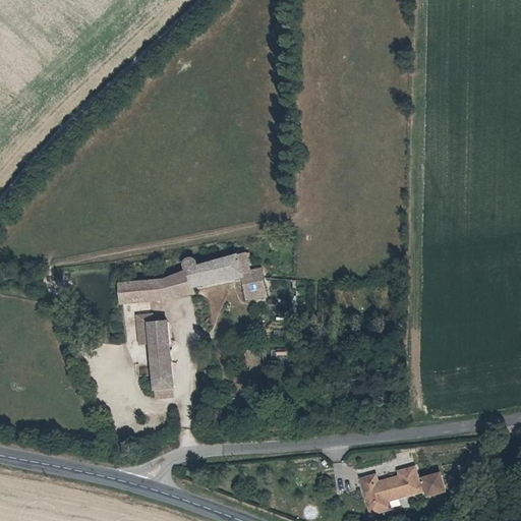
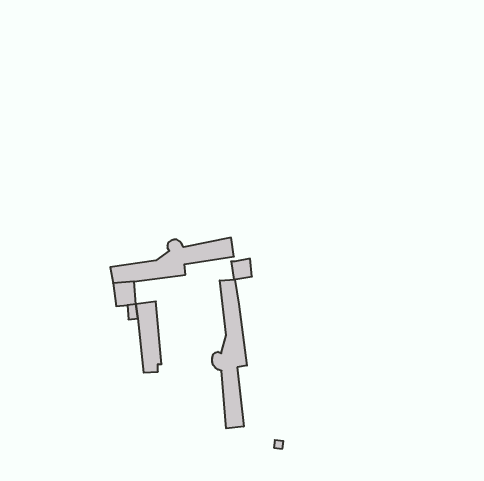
building: none -> [212,279,247,428]
building: [360,465,445,510] -> none

